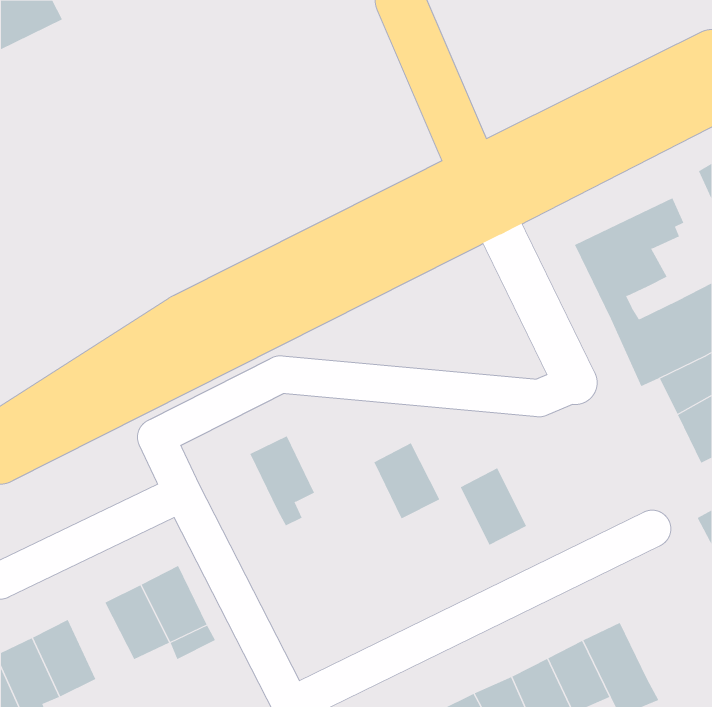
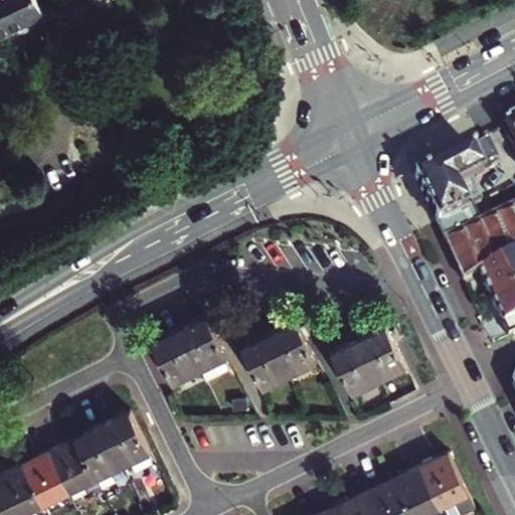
building: none -> [359,328,407,383]
building: none -> [153,331,200,386]
building: none -> [242,337,290,391]
building: none -> [49,439,97,494]

